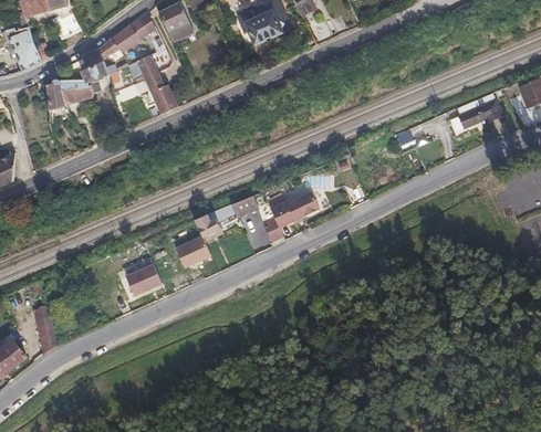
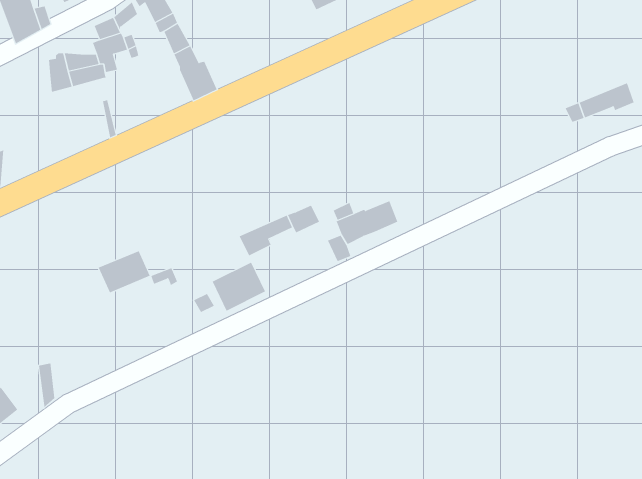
building: [121,263,162,296] -> [98,250,151,293]

